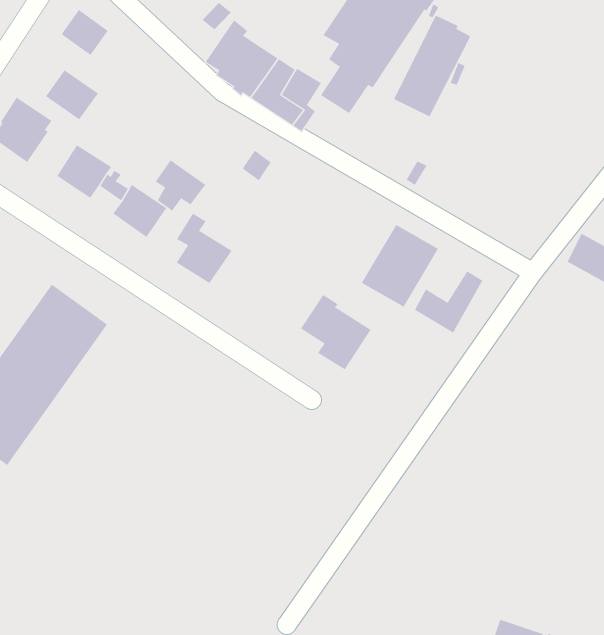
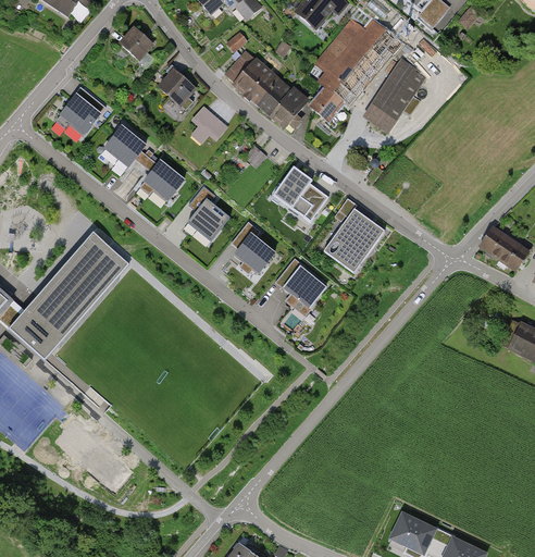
building: [45,69,99,120] -> [157,67,197,107]
building: [155,159,206,212] -> [190,104,228,144]
building: none -> [273,165,328,221]
building: none -> [231,221,276,275]
building: [414,271,483,334] -> none

